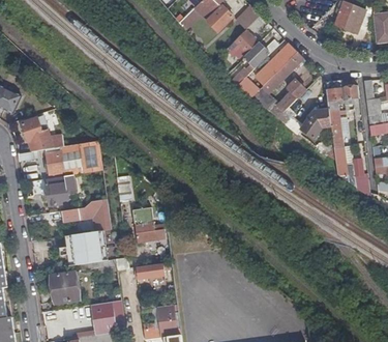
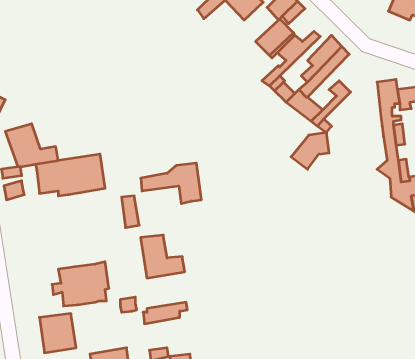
building: [300,110,331,140] -> [291,133,329,169]
building: [46,174,76,205] -> none
building: [62,198,112,231] -> [141,163,201,204]

